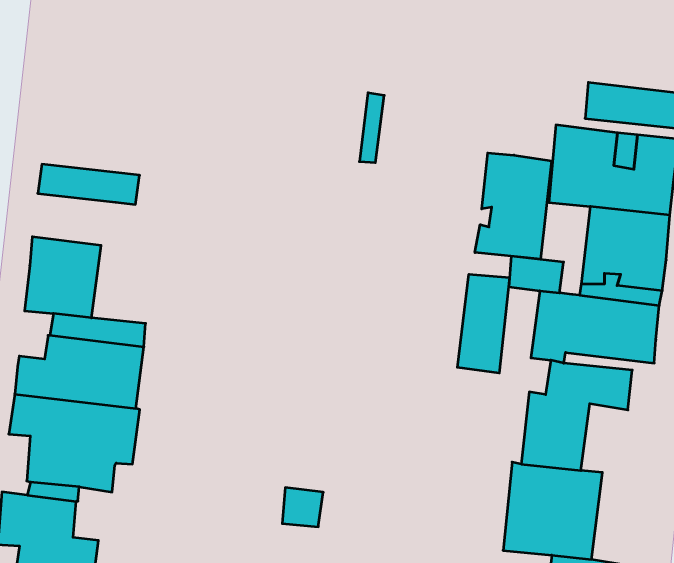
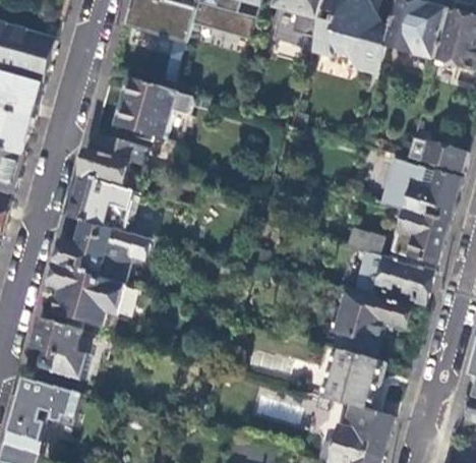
building: none -> [116,79,191,140]
building: [475,153,552,259] -> none
building: none -> [78,150,129,186]
building: [457,274,510,373] -> none

